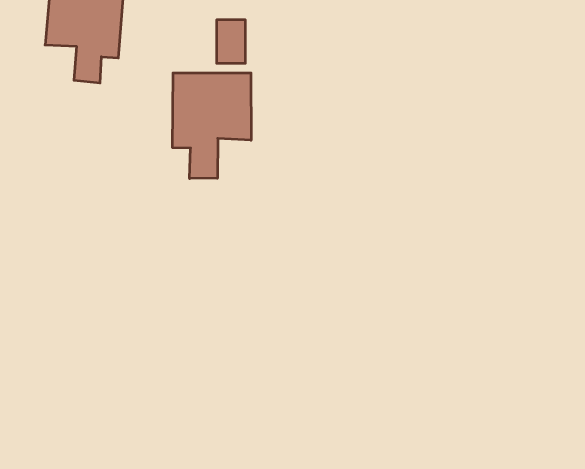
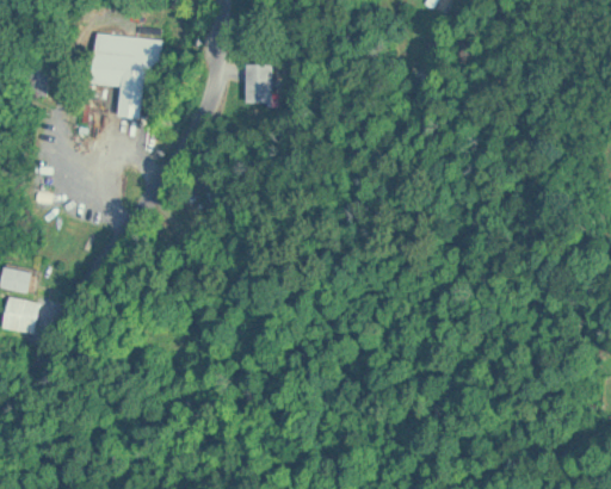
building: [173,73,251,179] -> none

